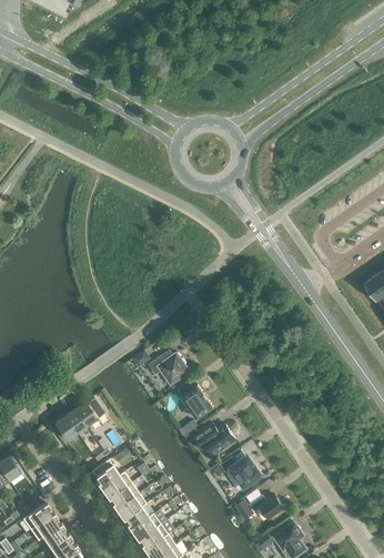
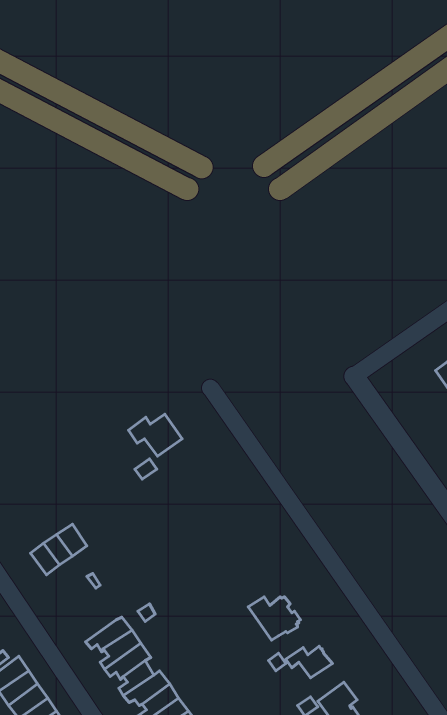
building: [148,354,189,386] -> [128,414,182,456]
building: [178,382,212,420] -> none
building: [192,425,235,457] -> none
building: [91,460,119,493] -> none

